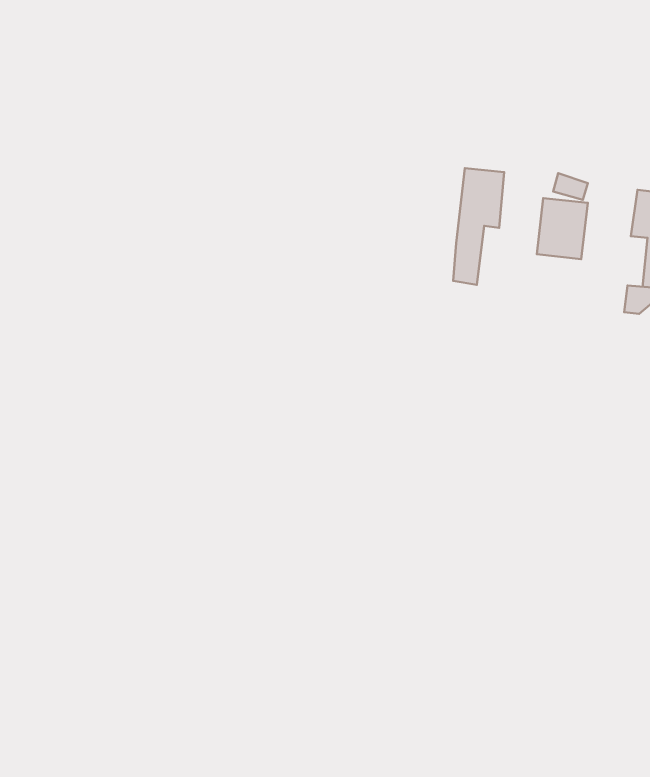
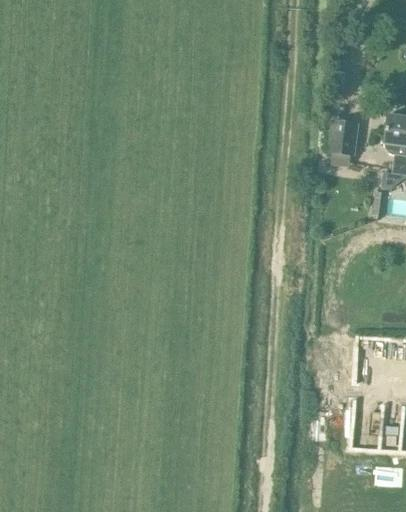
building: [453,168,504,285] -> none

